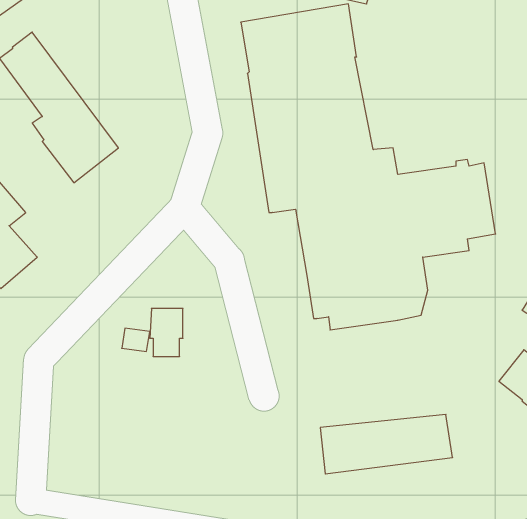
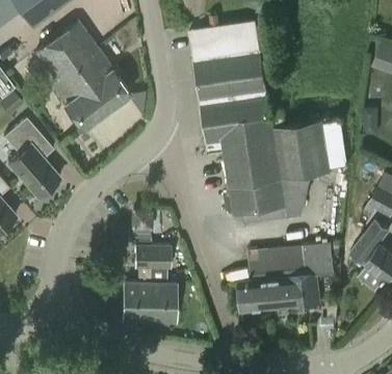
building: none -> [56,22,131,109]
building: none -> [247,241,339,278]
building: none -> [122,246,176,323]

